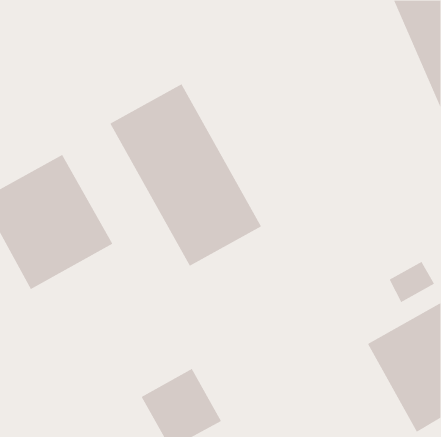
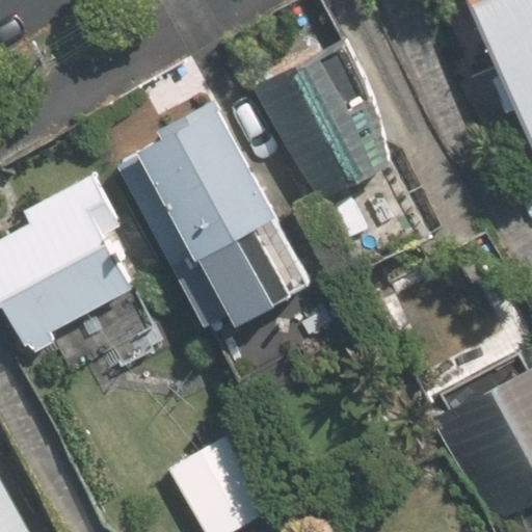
building: none -> [254,39,393,201]

